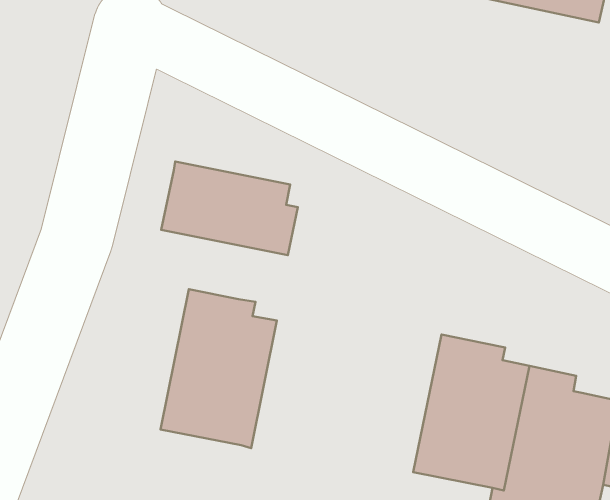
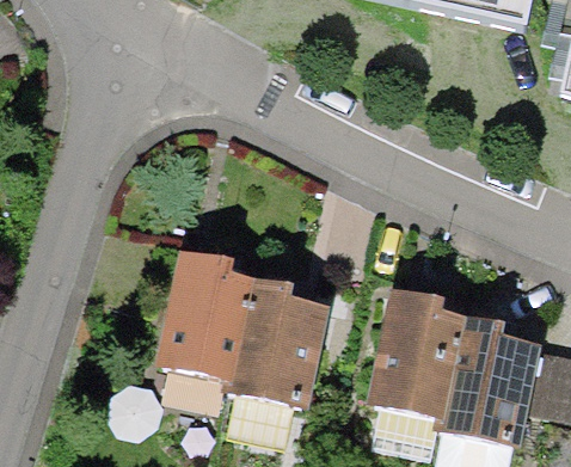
building: [161,161,298,255] -> none
building: none -> [222,275,330,408]

